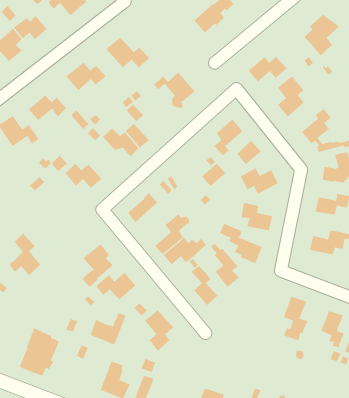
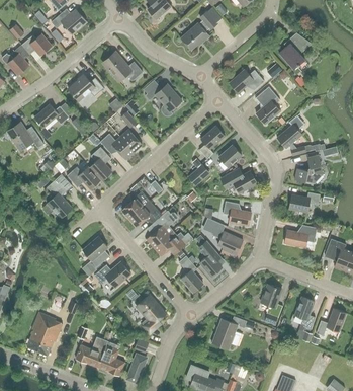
building: none -> [89,146,111,179]
building: none -> [128,200,161,226]
building: [9,233,41,276] -> [42,178,71,217]
building: [90,312,126,345] -> [75,337,107,367]
building: none -> [211,315,246,348]

